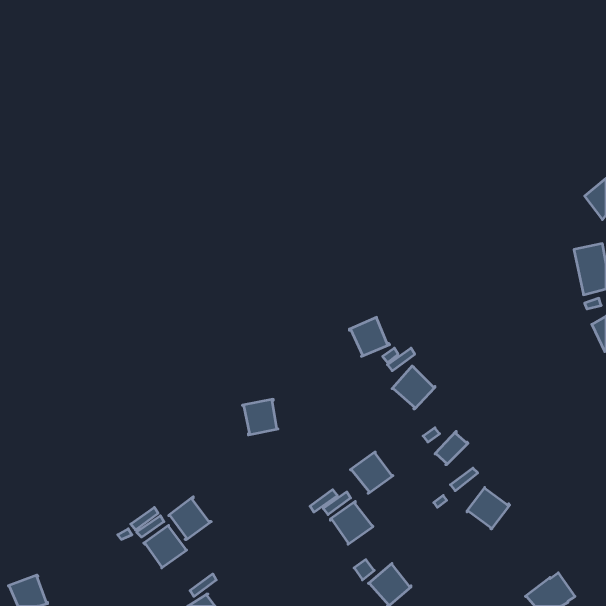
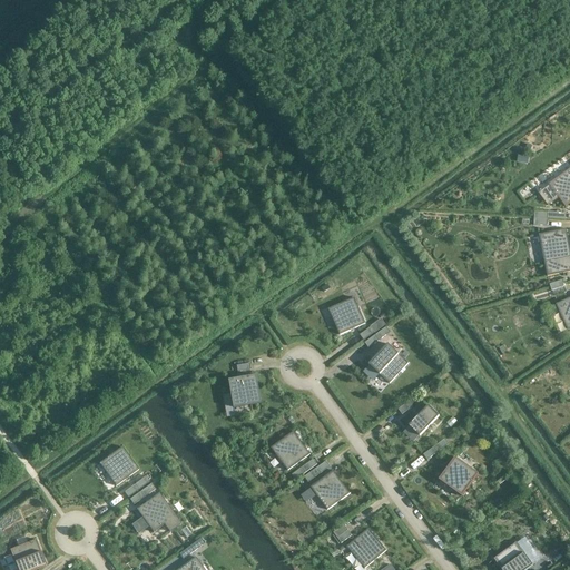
building: [350,452,393,493] -> [269,431,309,470]
building: [169,497,211,539] -> [98,445,138,485]

